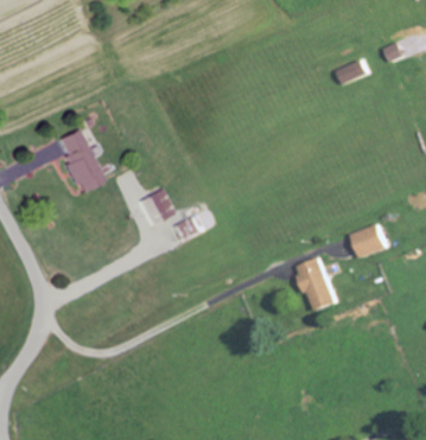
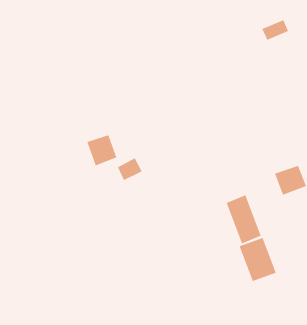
building: [55,129,104,193] -> none
building: none -> [239,237,277,282]

